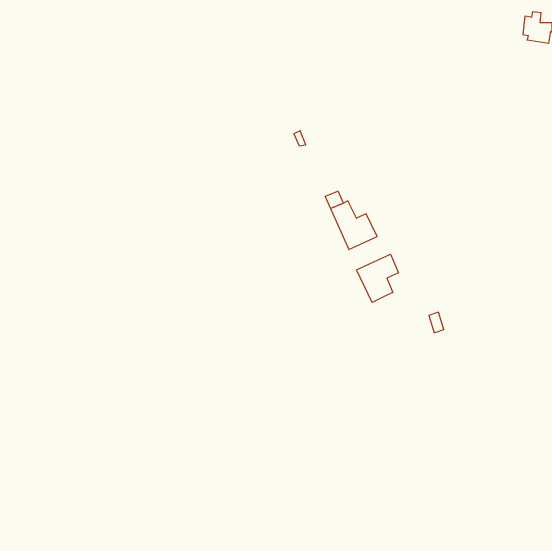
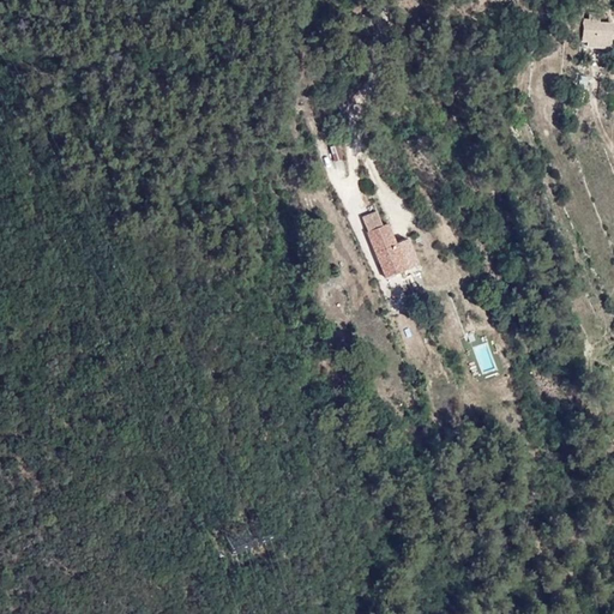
building: [357,254,399,302] -> none

